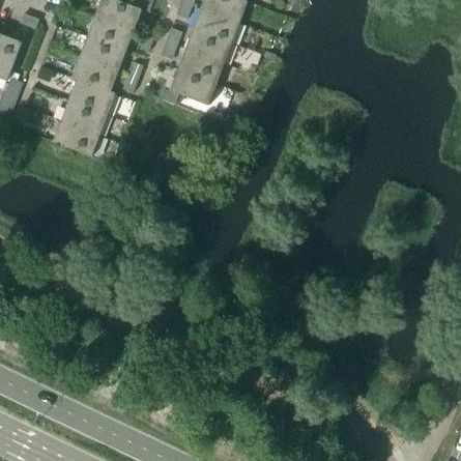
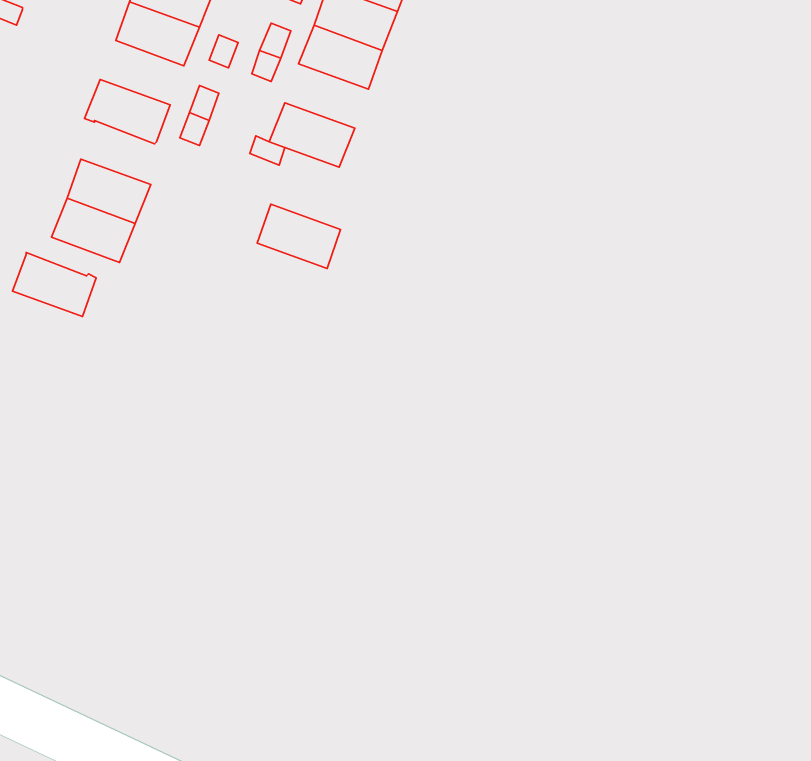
building: [80,37,124,71] -> none
building: [178,50,223,84] -> [257,204,341,268]
building: [69,80,114,114] -> [13,252,96,317]

